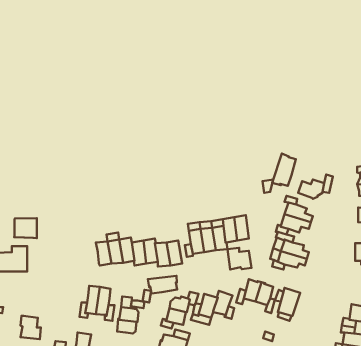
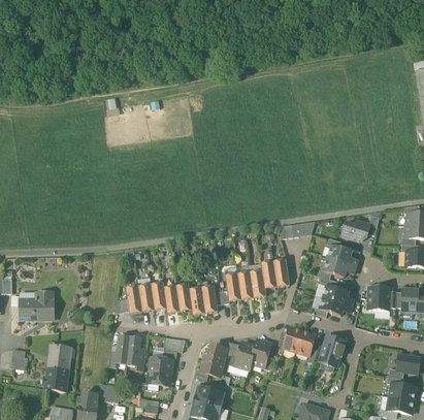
building: [272,153,296,186] -> none
building: [14,218,37,238] -> none
building: none -> [368,287,390,310]
building: [228,248,251,269] -> none
building: [148,276,177,293] -> none
building: none -> [48,344,70,369]

